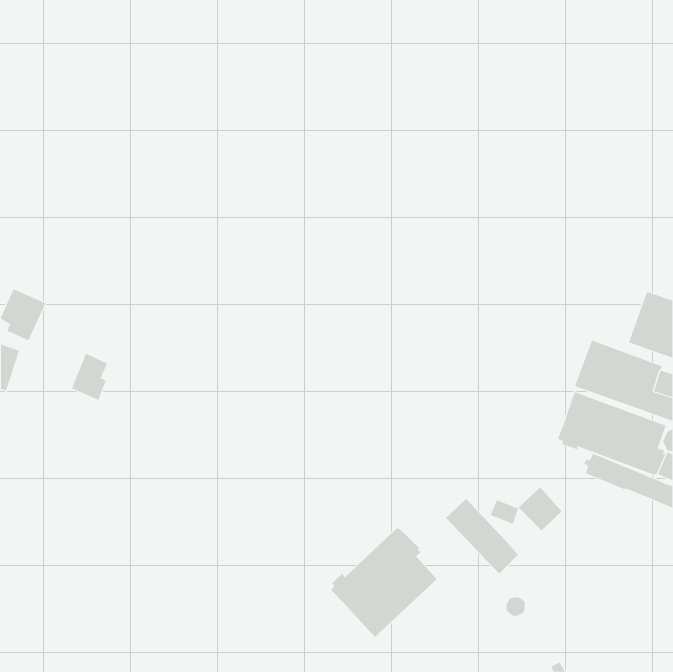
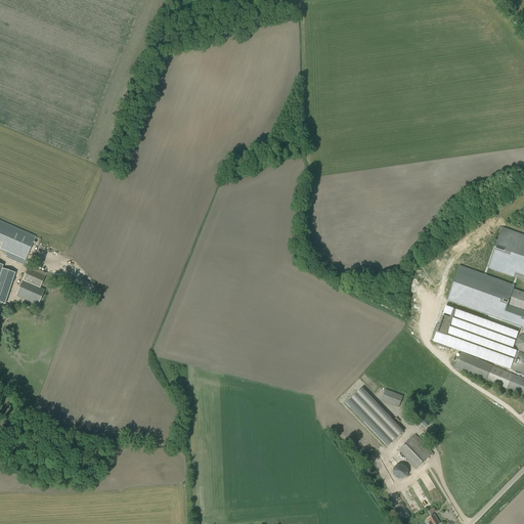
building: [71,353,108,400] -> [16,267,45,304]
building: [518,486,563,531] -> [398,433,433,468]
building: [331,527,437,638] -> none

